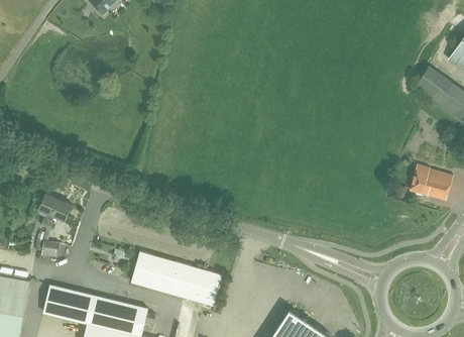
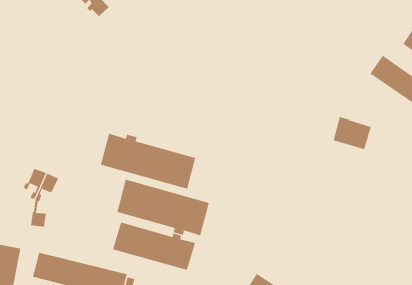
building: none -> [100,133,196,190]
building: [410,164,452,201] -> [333,117,371,150]
building: none -> [117,179,209,236]

